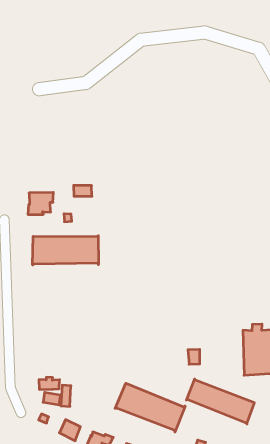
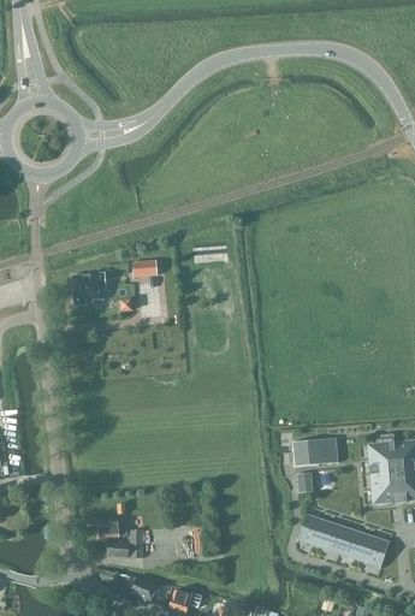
building: [33,236,98,265] -> none
building: none -> [292,438,338,466]
building: [115,383,185,432] -> none

